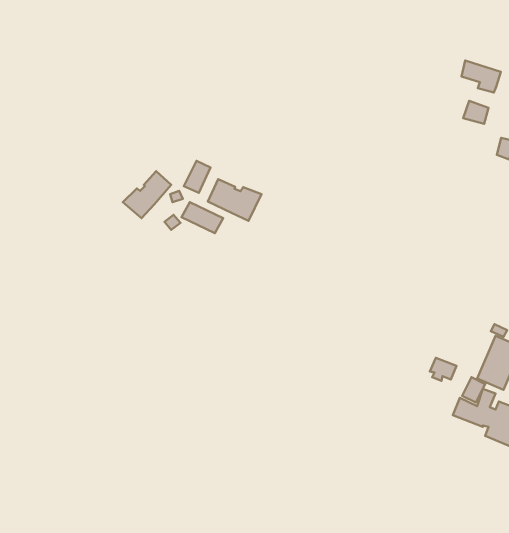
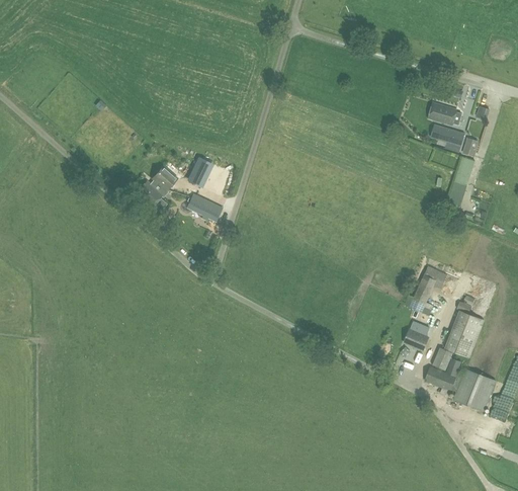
building: [462,60,501,93] -> [430,124,464,152]
building: [208,179,261,221] -> none
building: none -> [404,265,443,315]

